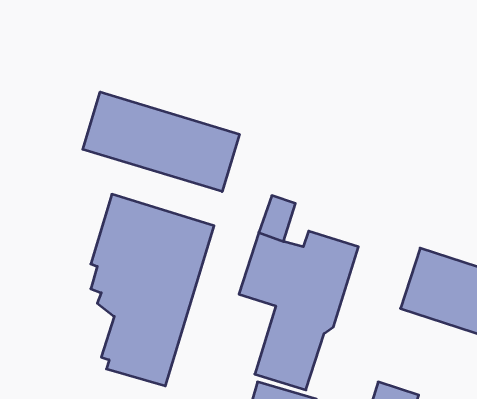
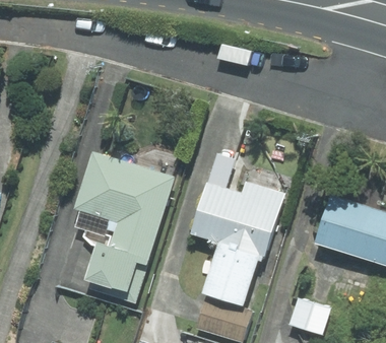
building: [83,92,239,192] -> none

